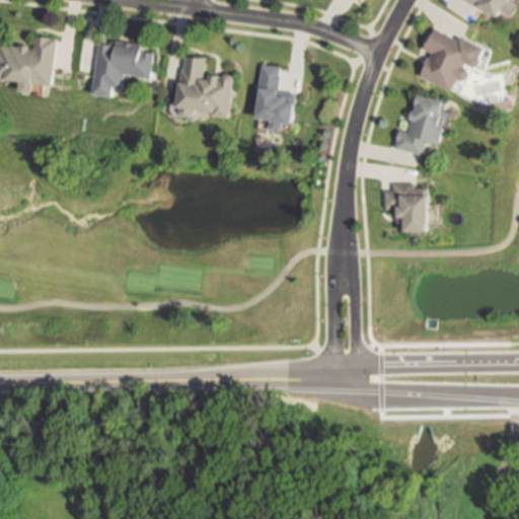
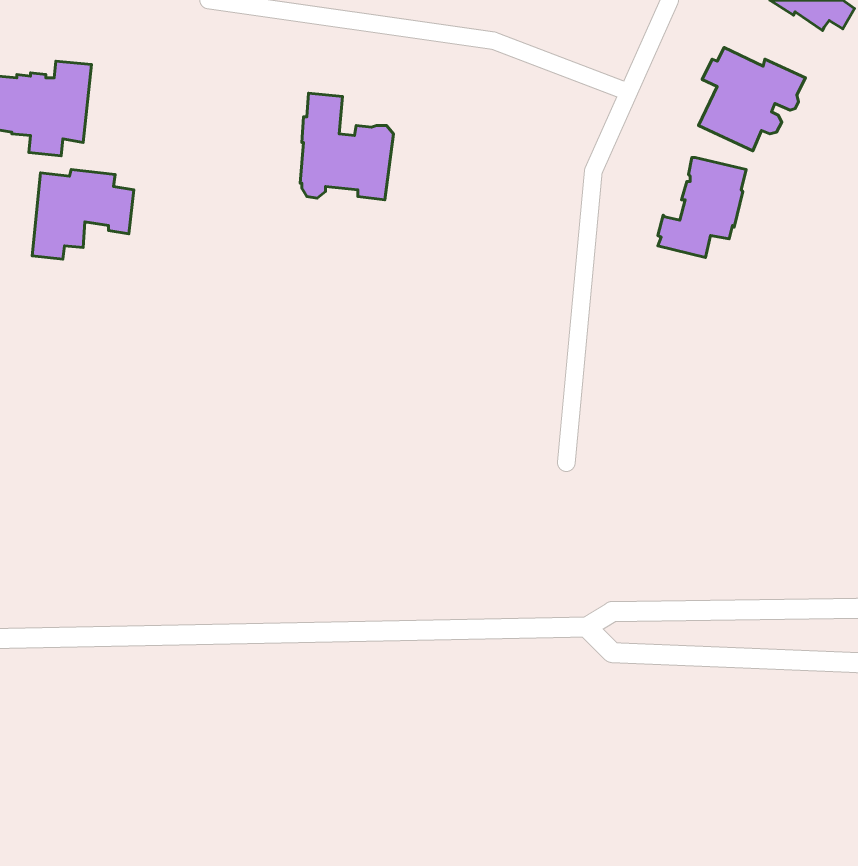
building: [91,41,152,94] -> [32,169,134,259]
building: [248,65,291,133] -> none
building: [383,182,432,231] -> none

